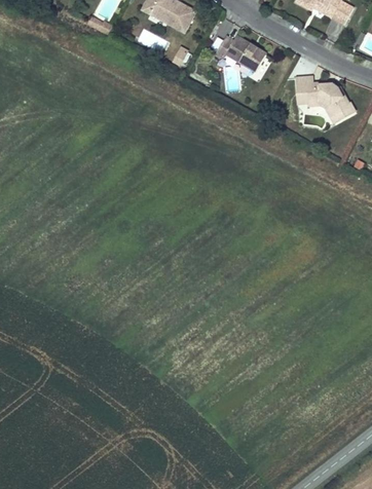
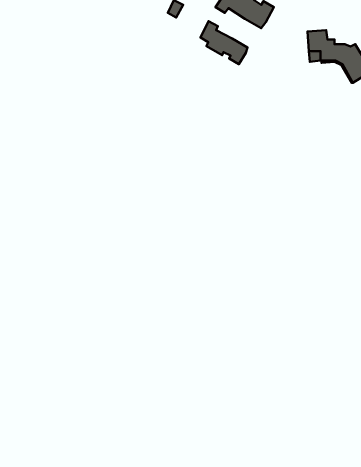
building: none -> [201,21,248,64]

